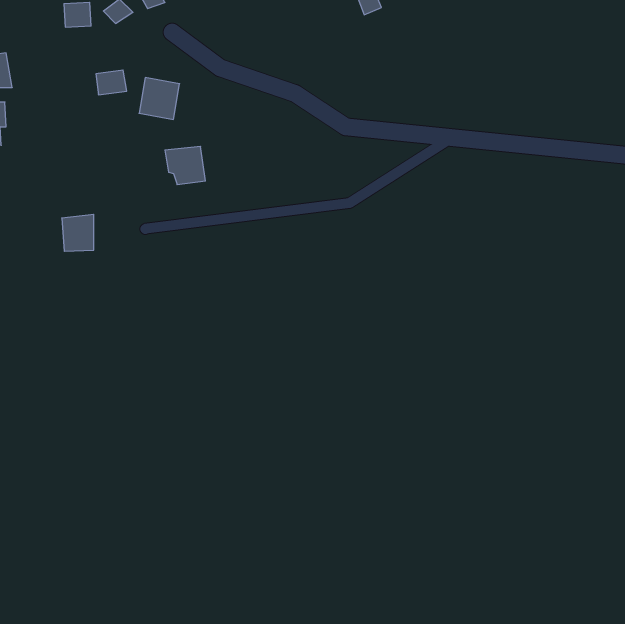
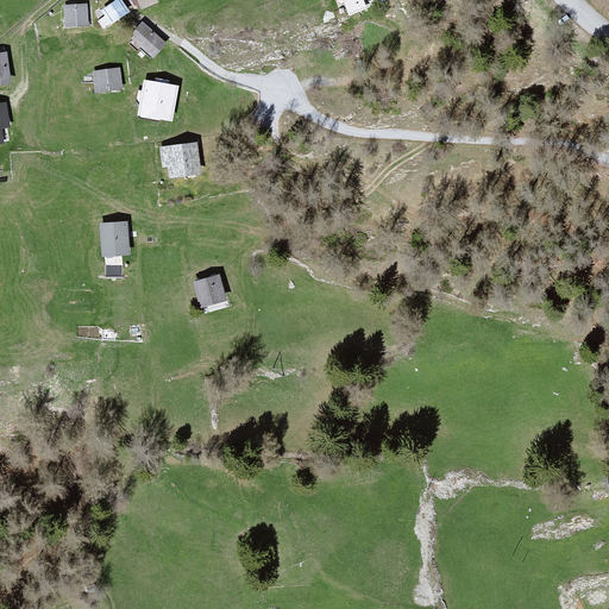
building: none -> [132,25,168,56]
building: [62,214,94,251] -> [99,219,130,255]
building: none -> [194,274,228,303]

